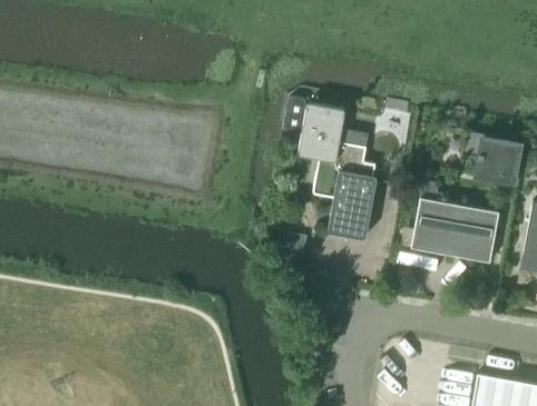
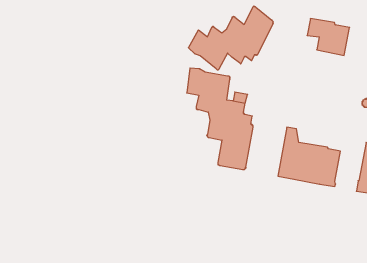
building: none -> [188,6,273,70]
building: [462,132,521,184] -> [307,19,350,55]

